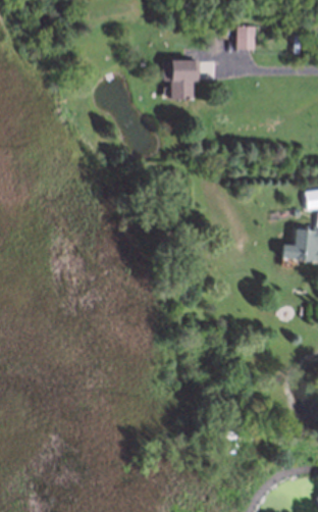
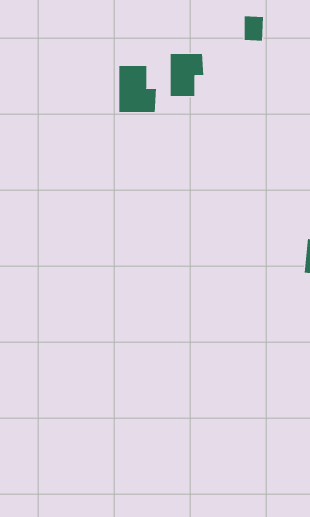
building: none -> [119,65,156,113]

